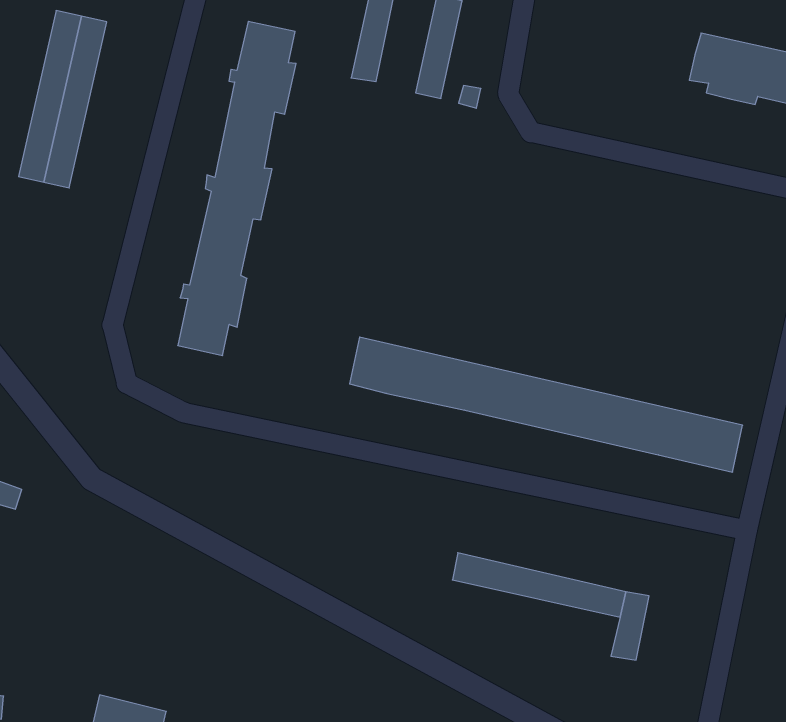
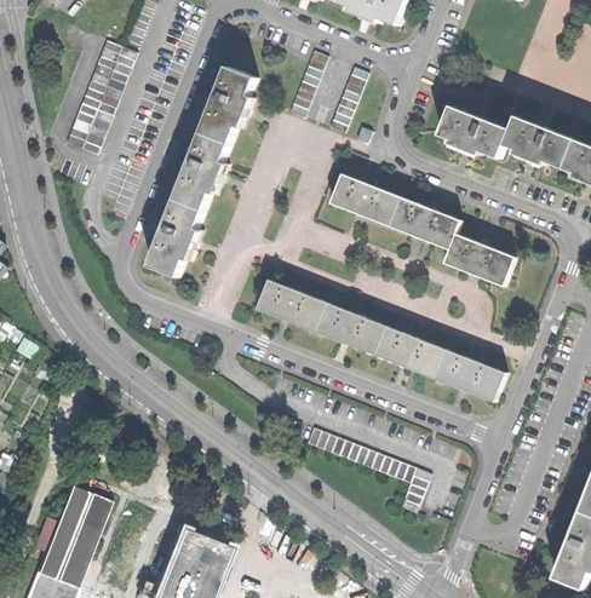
building: none -> [440,107,510,159]
building: none -> [329,173,515,286]

